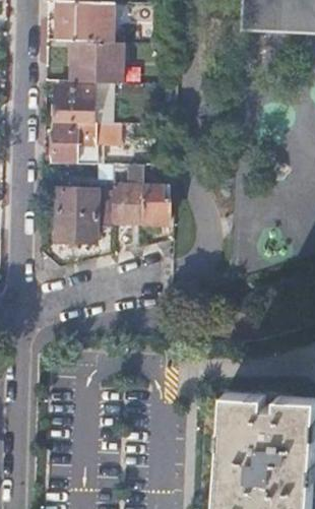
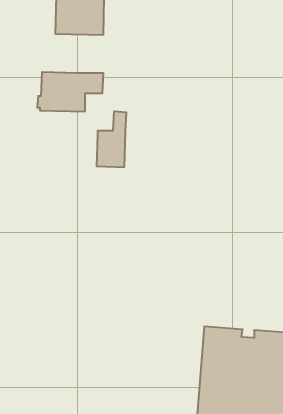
building: [54,85,92,122] -> none
building: [141,184,169,222] -> none
building: [55,187,113,241] -> none

